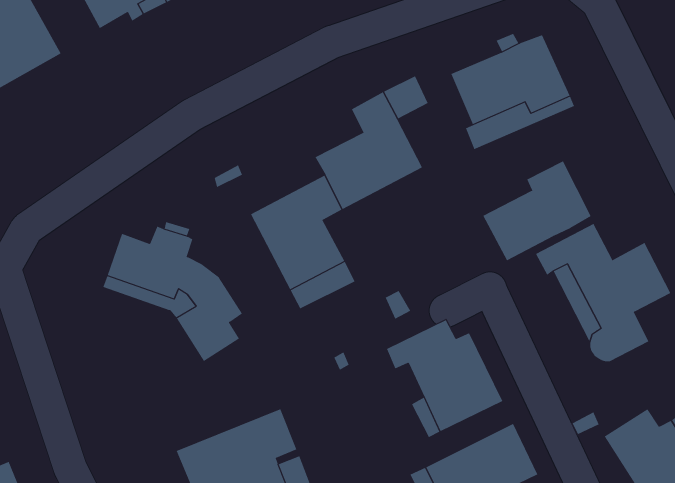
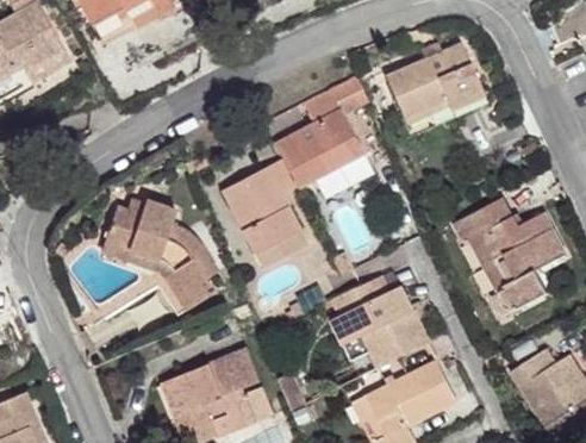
building: [482,160,591,261] -> none

